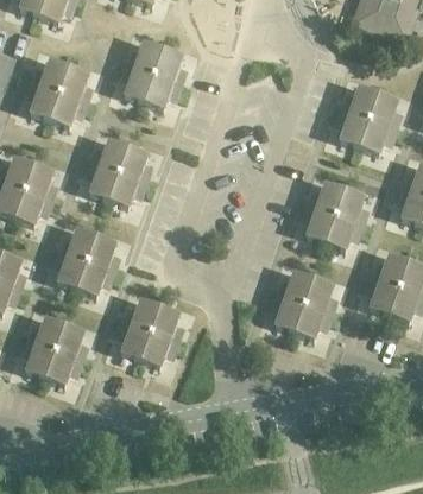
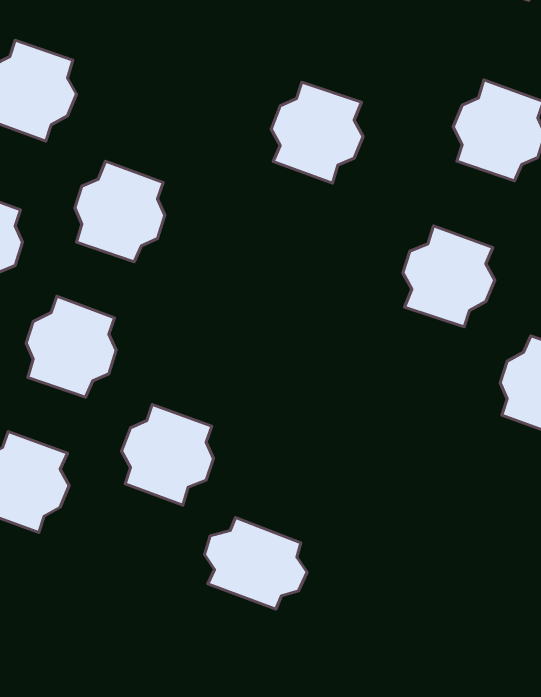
building: [122,40,183,107] -> [271,82,363,183]
building: [273,270,333,336] -> none
building: none -> [205,517,307,609]

